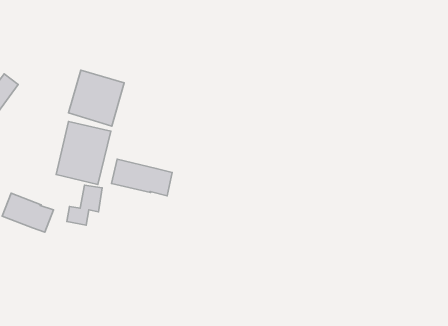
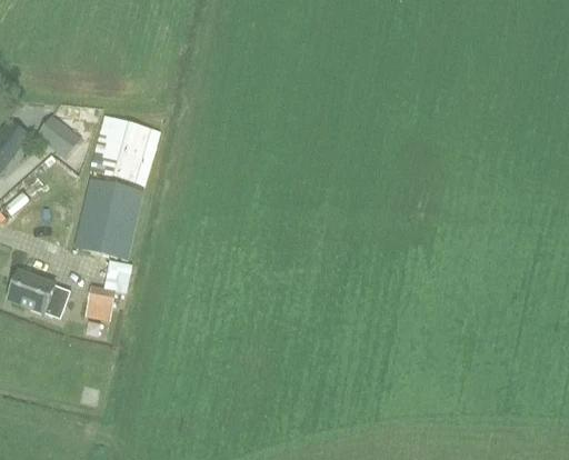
building: none -> [36,114,81,157]
building: [111,159,172,196] -> none

